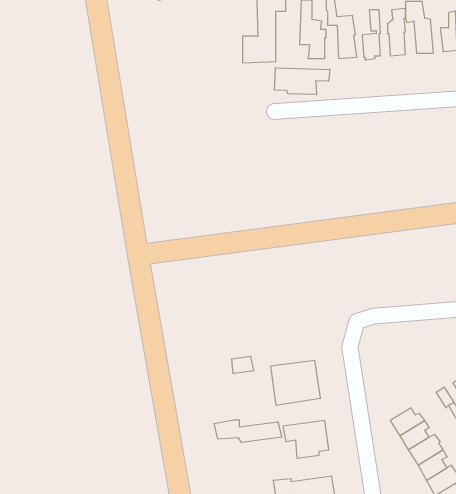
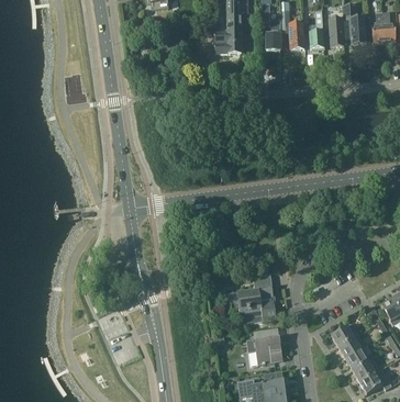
building: [274,68,330,95] -> none
building: [214,420,282,442] -> none

